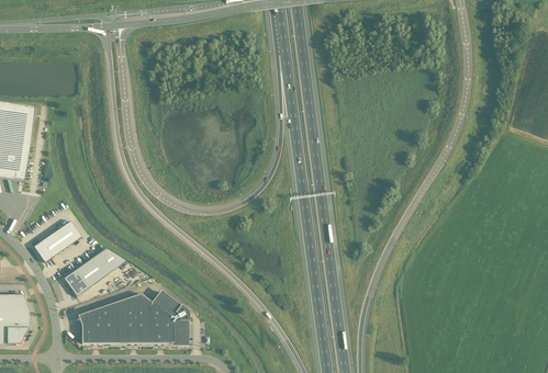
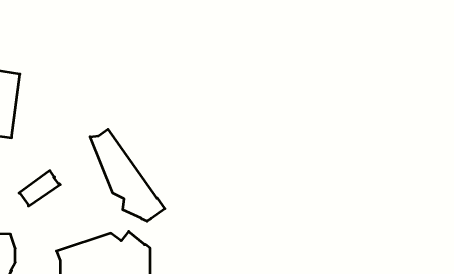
building: none -> [90,129,165,221]
building: [63,255,108,295] -> none

